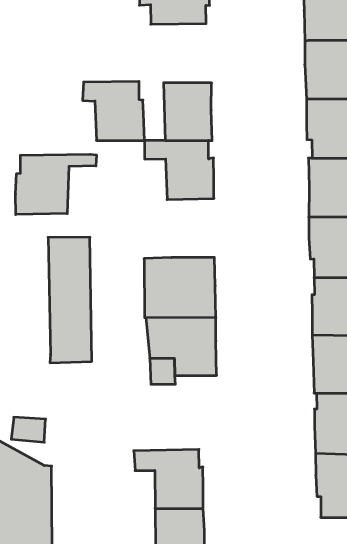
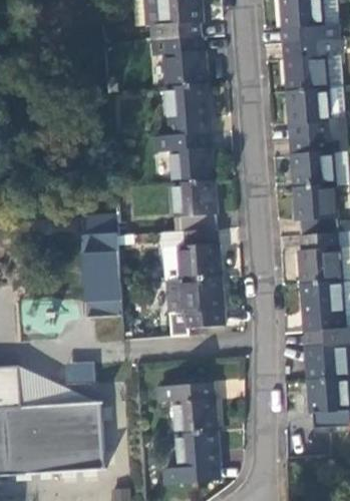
building: [83,81,144,141] -> [154,33,207,83]
building: [16,154,96,215] -> none
building: none -> [176,175,217,225]

